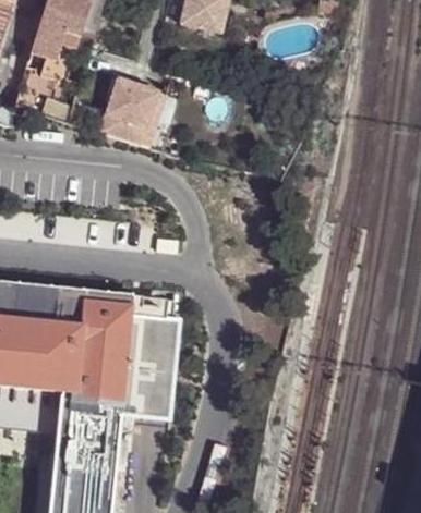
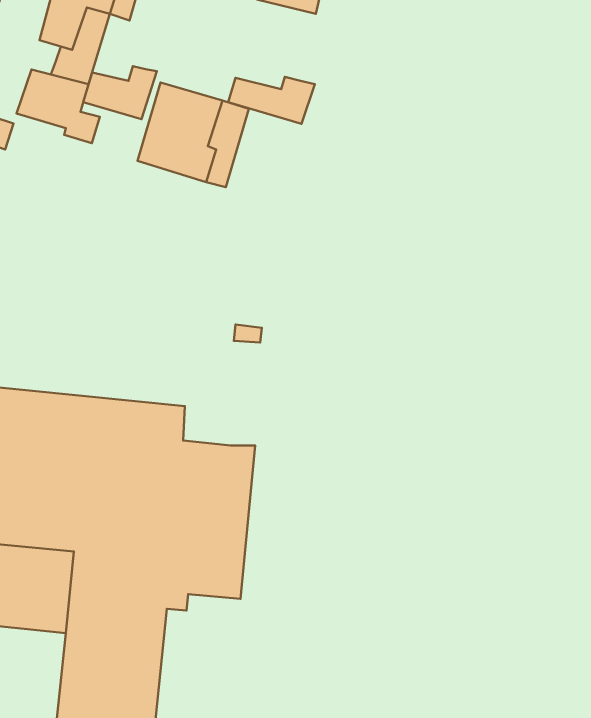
building: none -> [83,66,157,119]
building: none -> [228,77,315,124]

